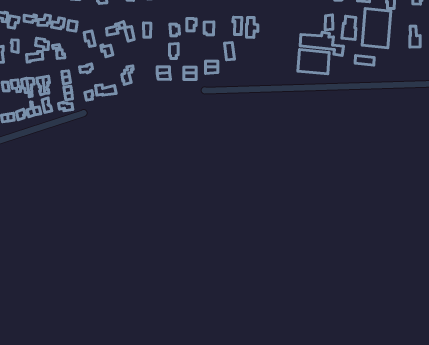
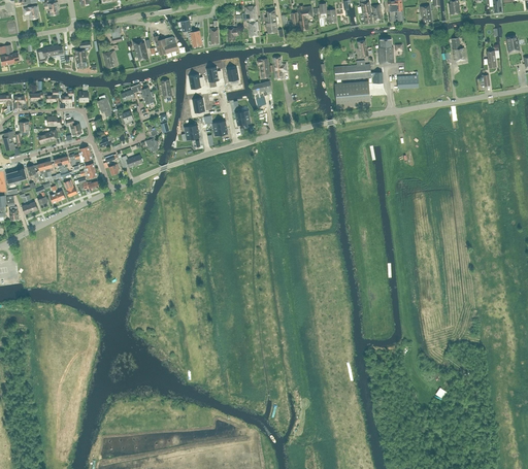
building: [362,8,391,48] -> none

